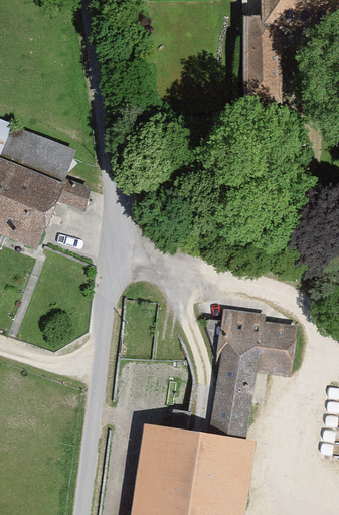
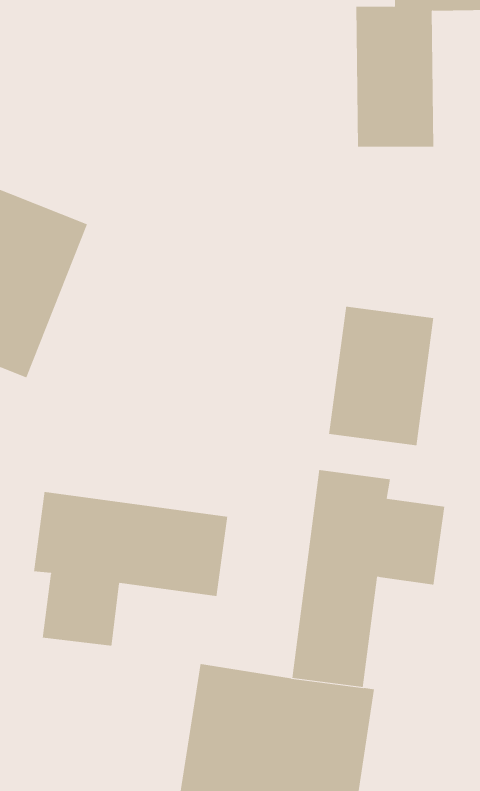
building: none -> [329,306,434,446]
building: none -> [33,491,228,646]

